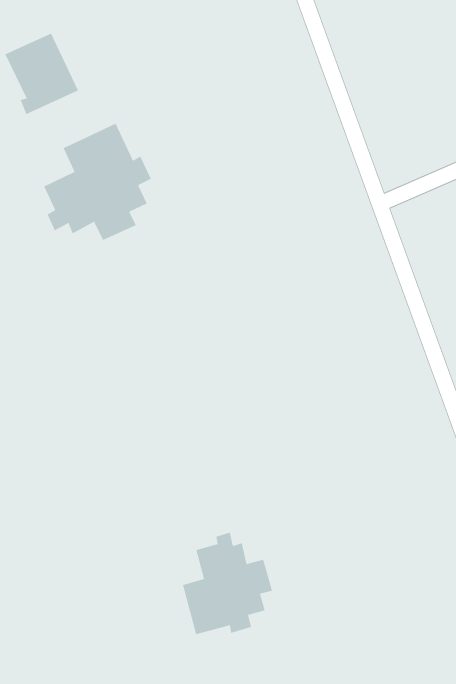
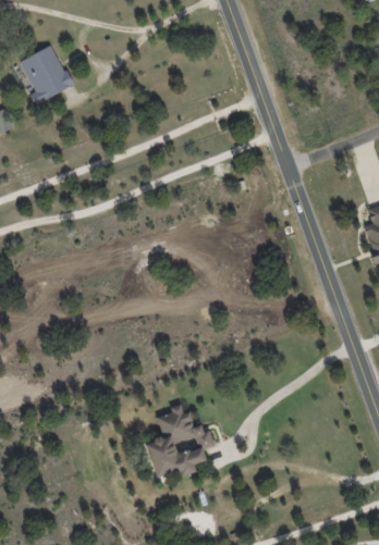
building: [44,123,151,241] -> none

